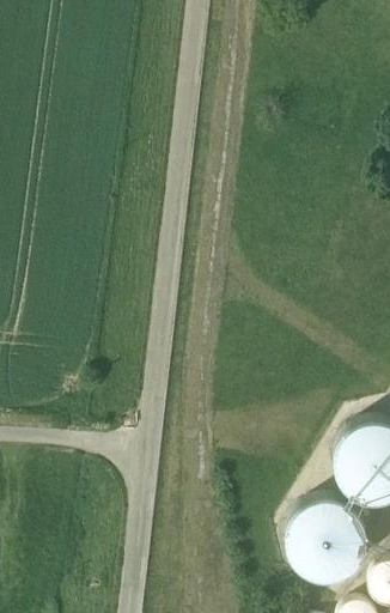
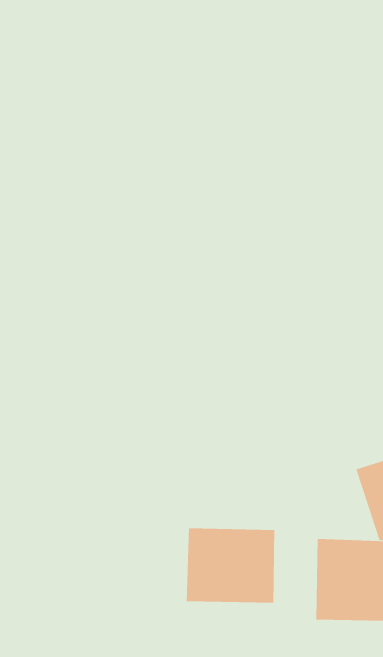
building: none -> [186,527,275,603]

